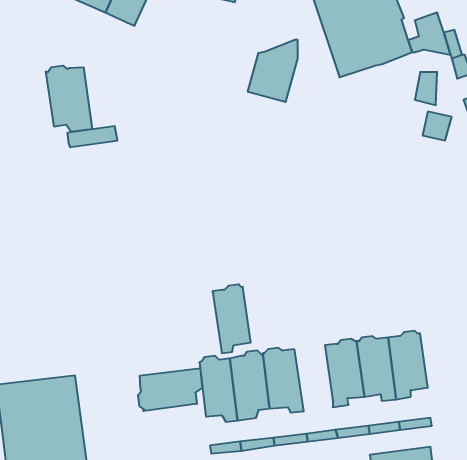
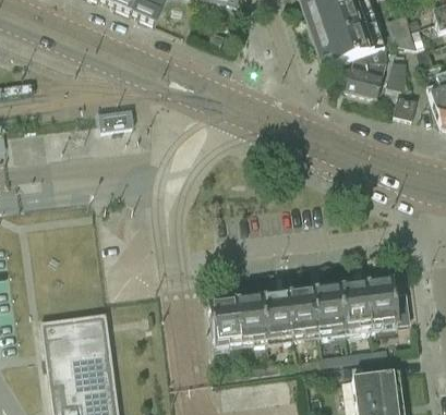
building: [248,40,298,102] -> [345,46,386,97]
building: [46,66,92,132] -> none
building: [213,284,251,353] -> [287,285,318,342]
building: [138,368,202,411] -> none

